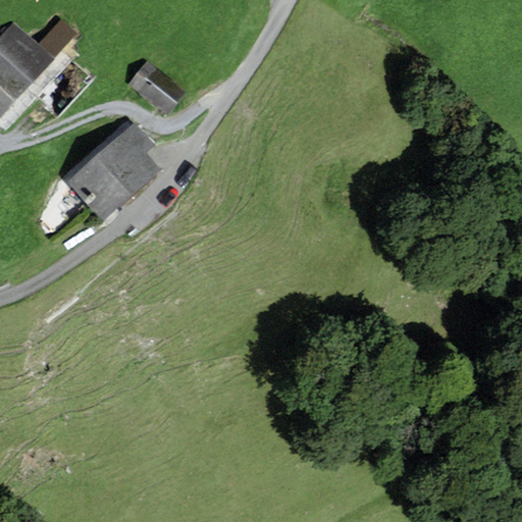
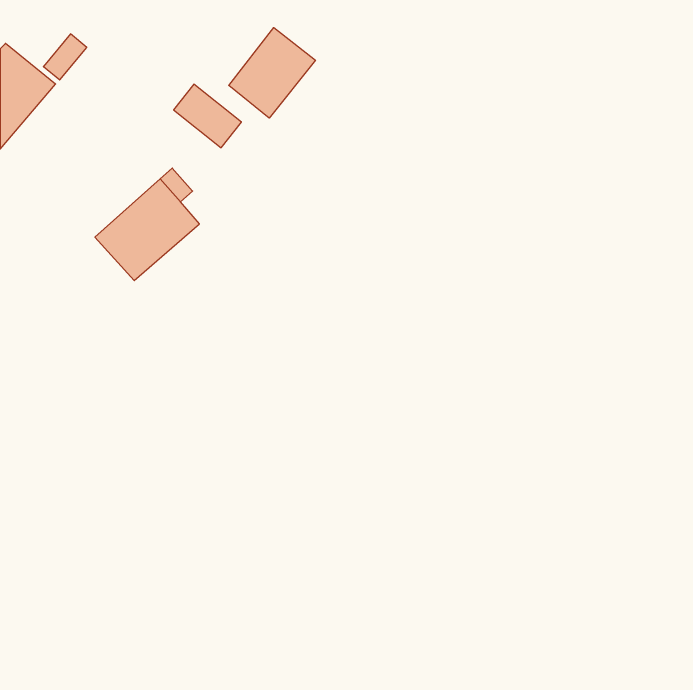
building: none -> [229,28,315,118]

